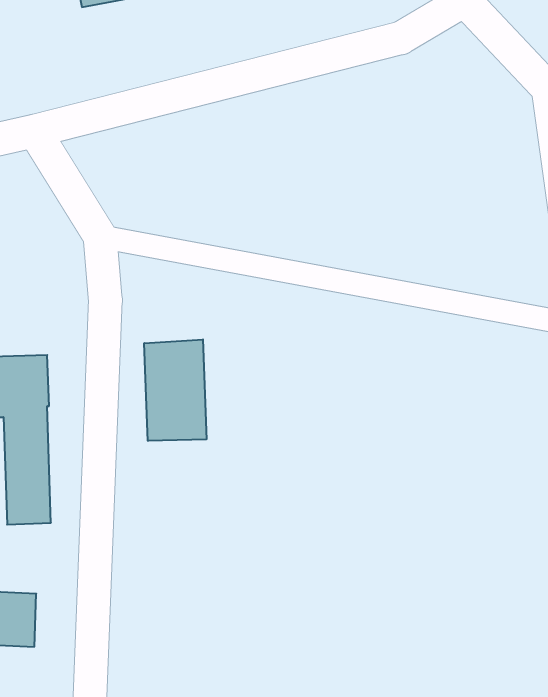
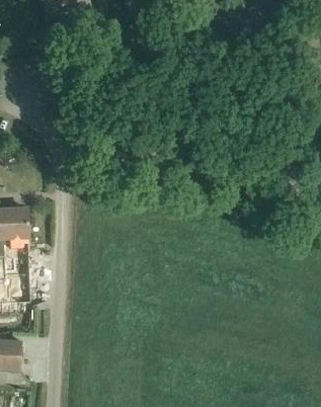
building: [144,339,206,441] -> none

